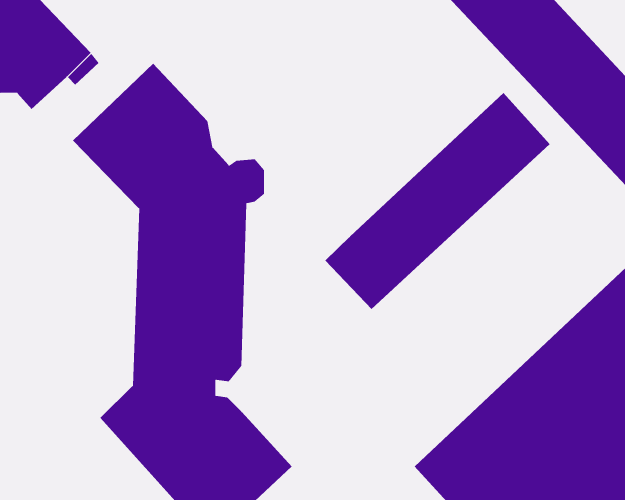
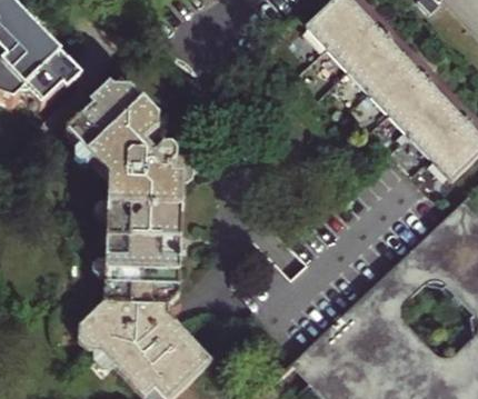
building: [325,92,551,310] -> none

